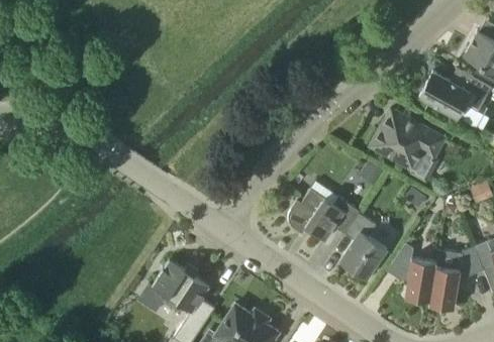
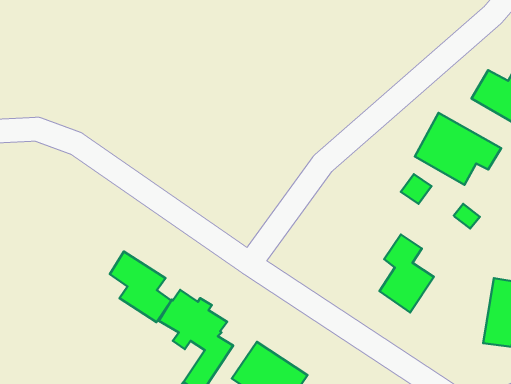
building: [289,190,360,241] -> none
building: none -> [110,252,171,322]
building: [391,243,438,306] -> none

